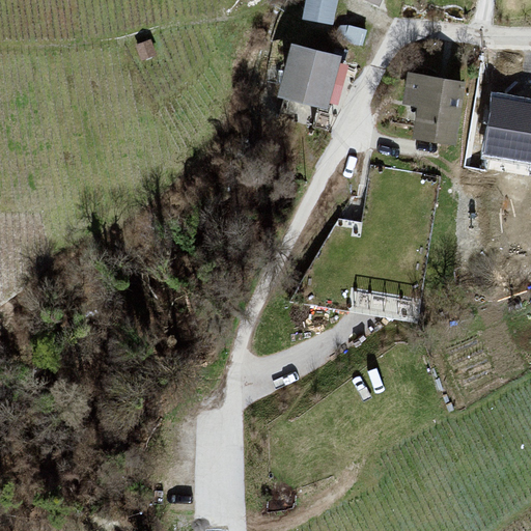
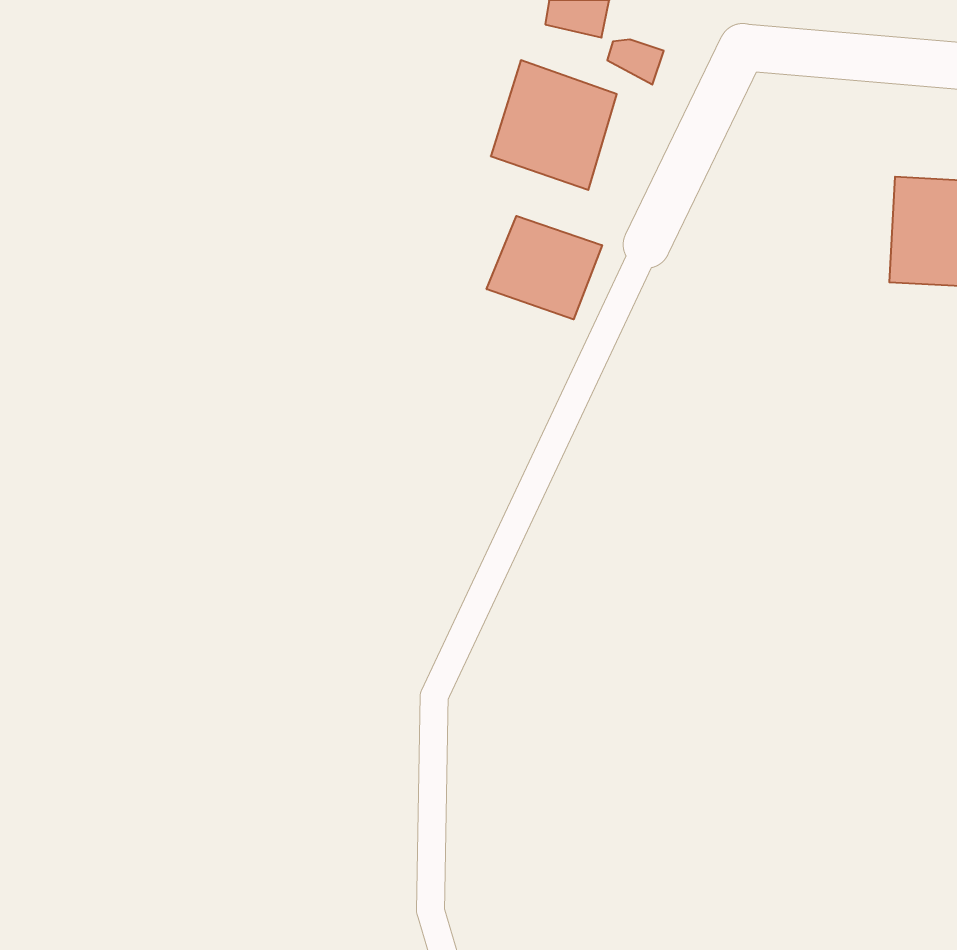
building: [402,72,466,142] -> none
building: none -> [487,216,602,319]

